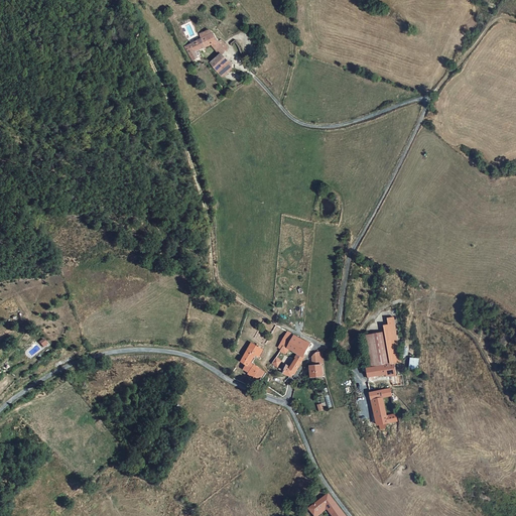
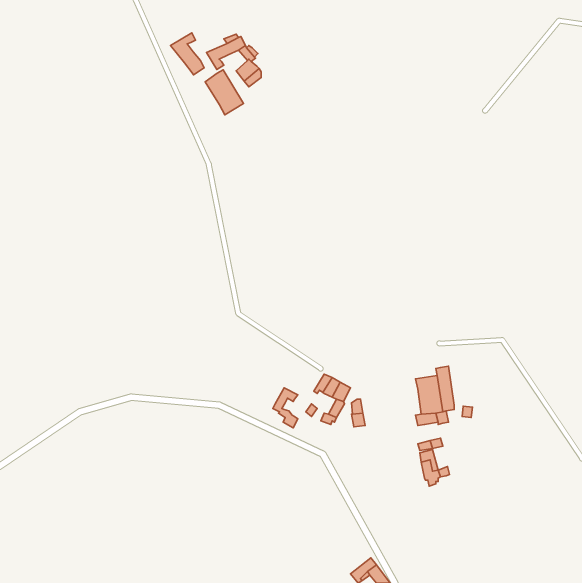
building: none -> [170,33,204,75]
building: none -> [205,70,243,115]

